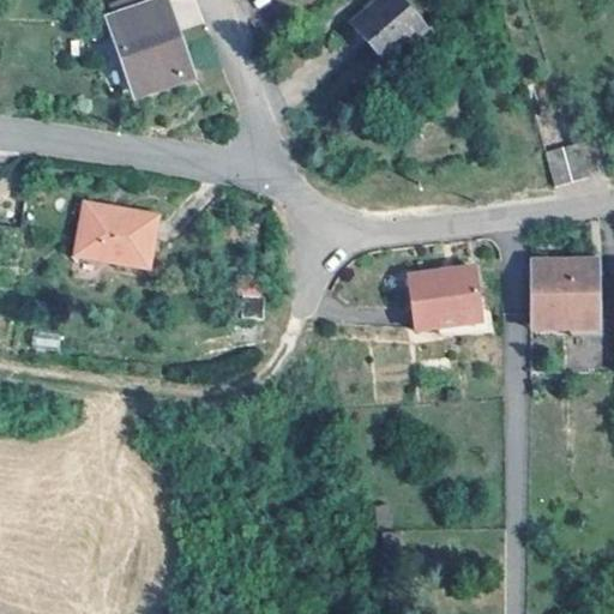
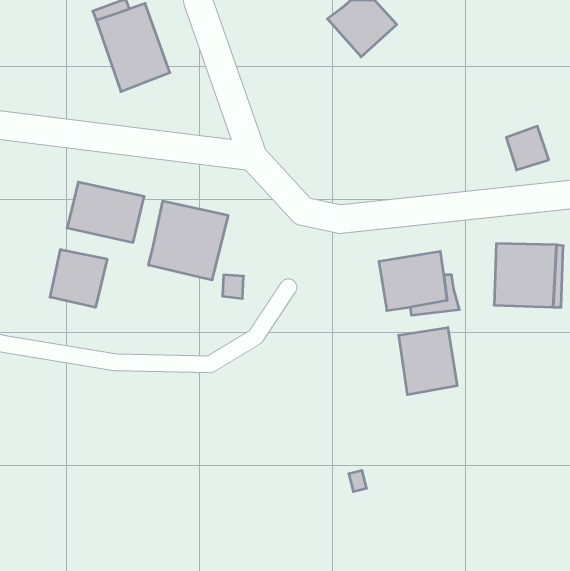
building: none -> [149,201,228,280]
building: none -> [50,249,107,307]
building: none -> [399,327,457,395]

